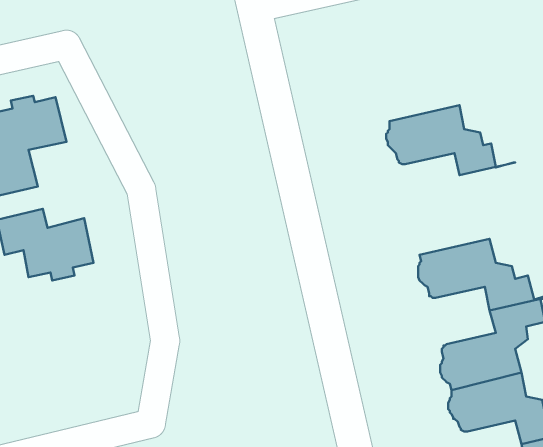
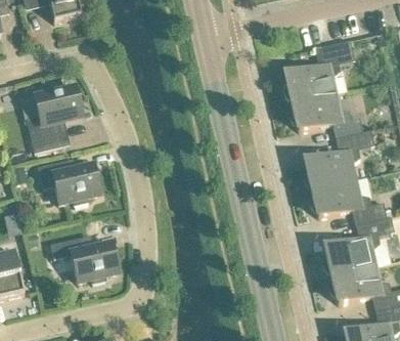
building: none -> [284,40,353,102]
building: none -> [304,129,372,188]
building: none -> [51,236,120,283]

